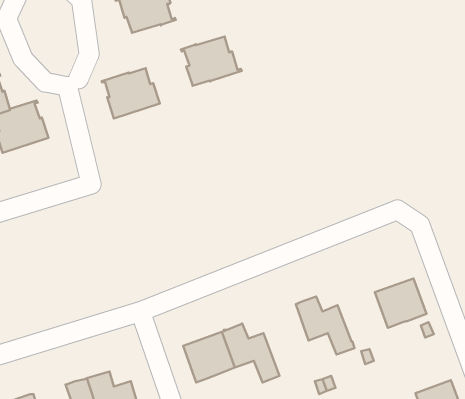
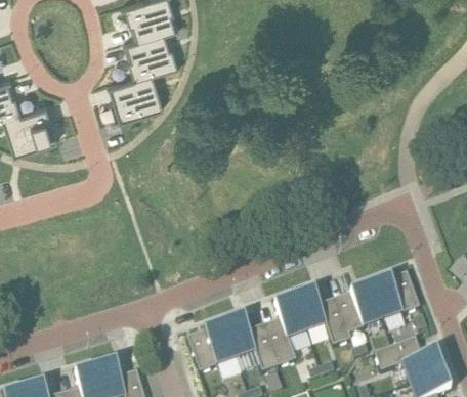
building: [181,37,242,86] -> [123,29,181,76]
building: none -> [334,284,382,332]
building: none -> [263,296,306,364]
building: none -> [374,337,442,381]

